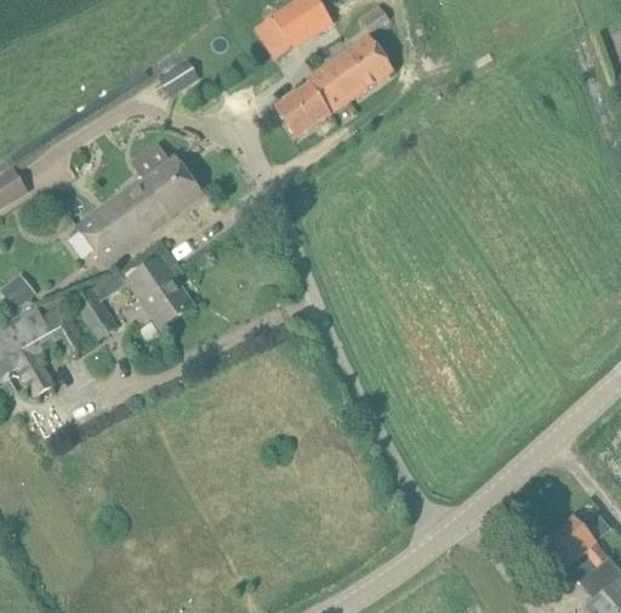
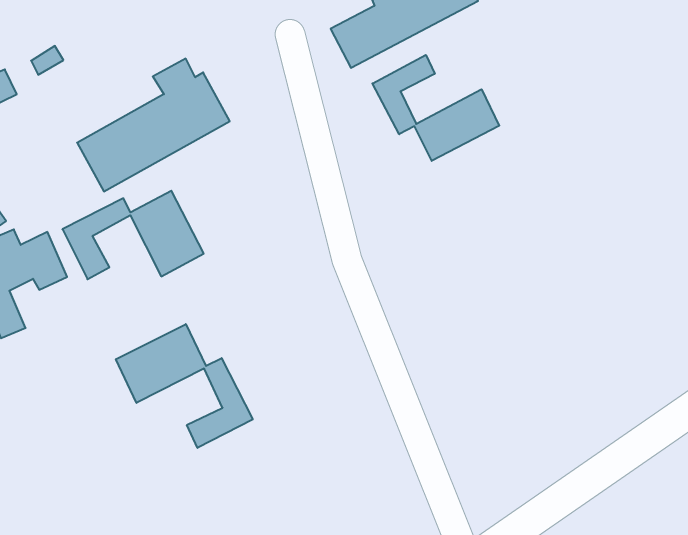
building: none -> [372,55,499,161]
building: none -> [116,324,253,448]

